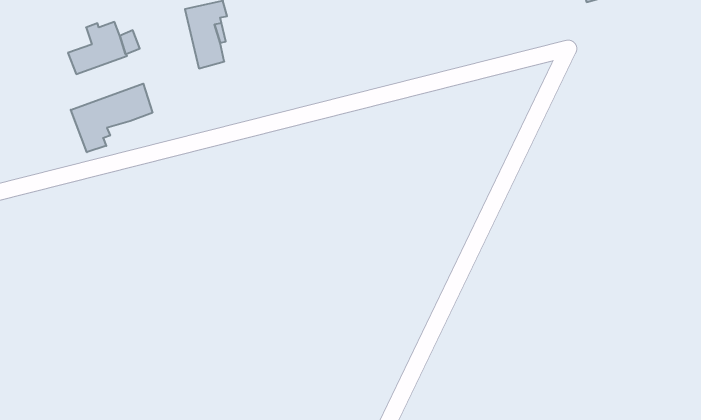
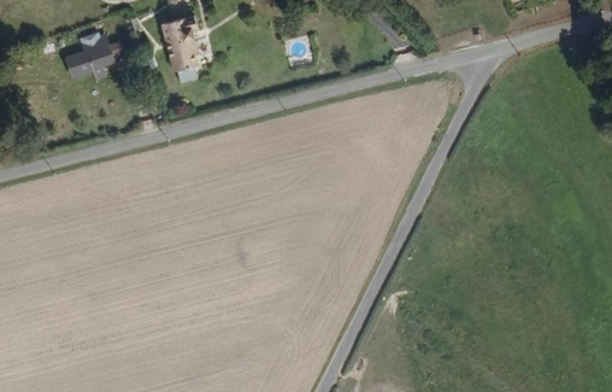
building: [71,84,152,152] -> none

